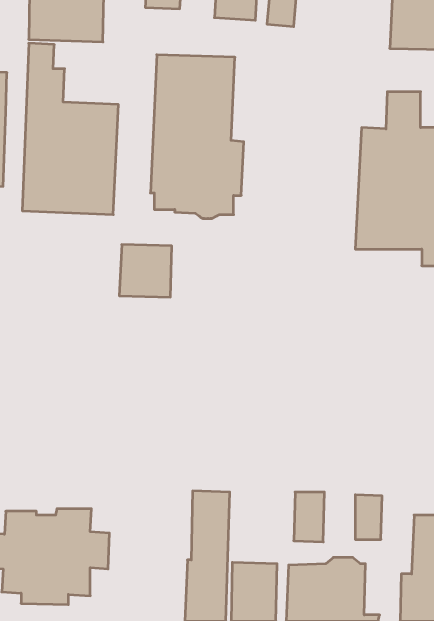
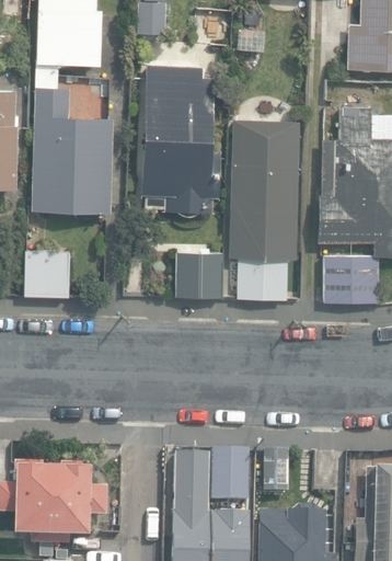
building: none -> [228,118,302,300]
building: [119,245,172,297] -> [177,251,222,296]
building: none -> [24,250,69,295]
building: none -> [323,255,378,302]
building: none -> [210,448,249,500]

